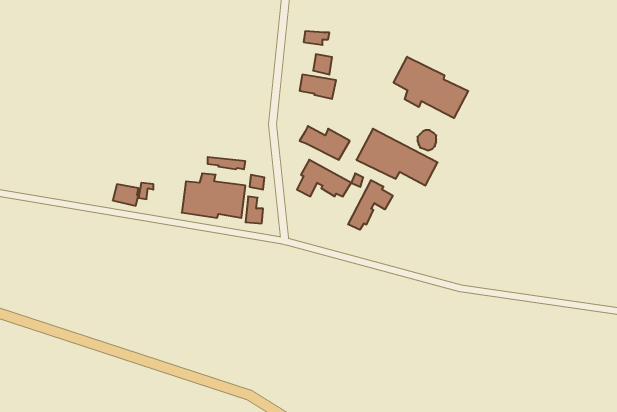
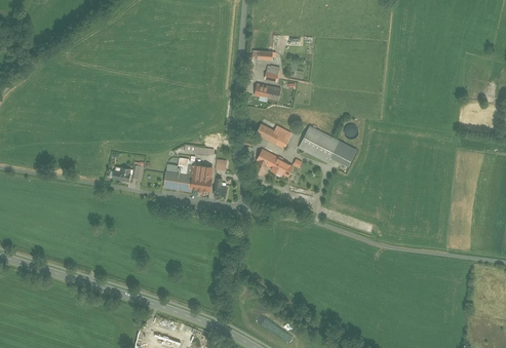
building: [394,57,468,118] -> none
building: [348,180,393,230] -> none

